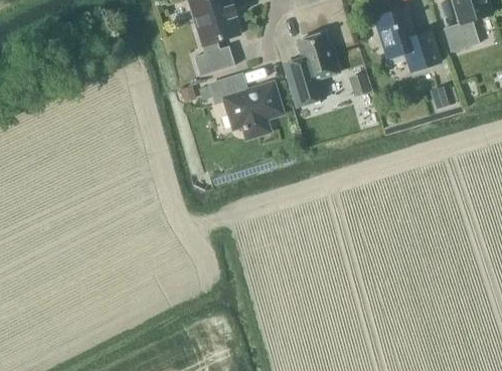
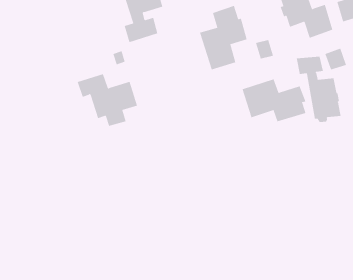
building: [210,73,282,136] -> [77,73,138,127]
building: none -> [296,56,341,123]
building: none -> [242,79,306,122]

